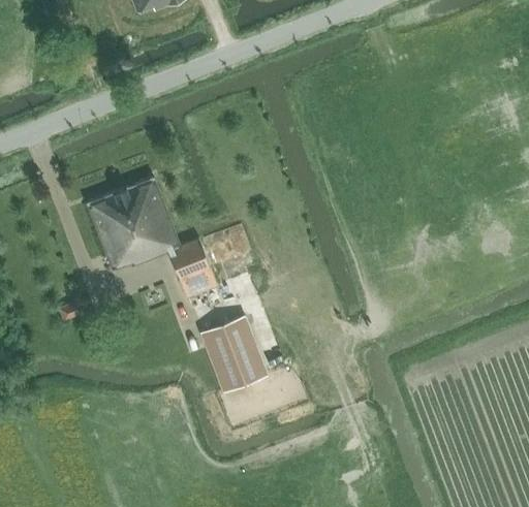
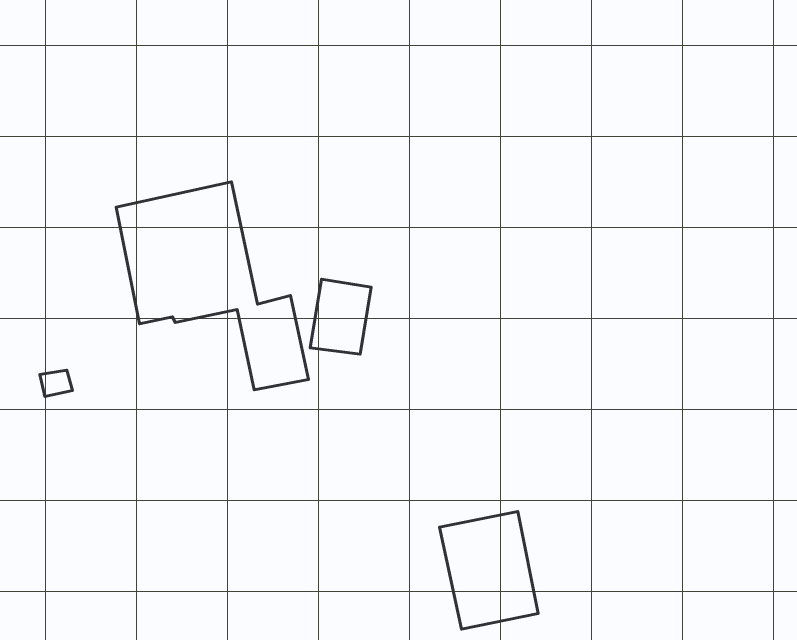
building: [200,317,267,391] -> [439,512,538,629]

